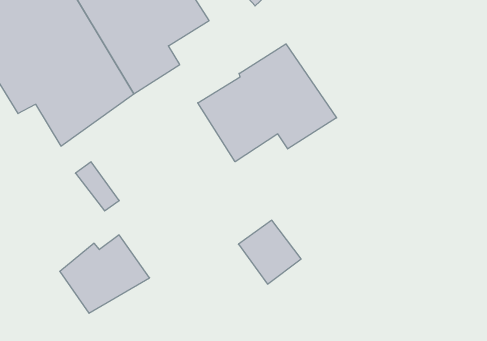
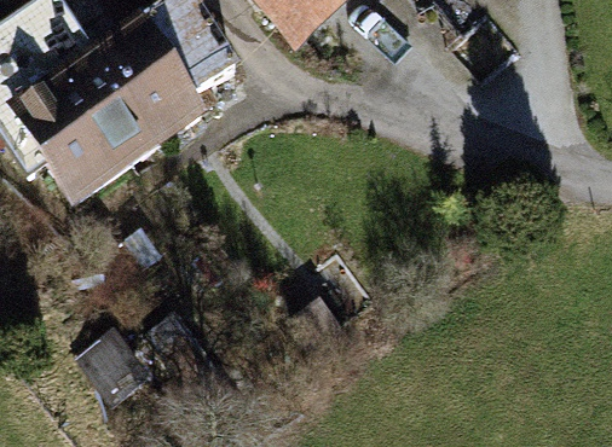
building: [198,44,337,162] -> none

